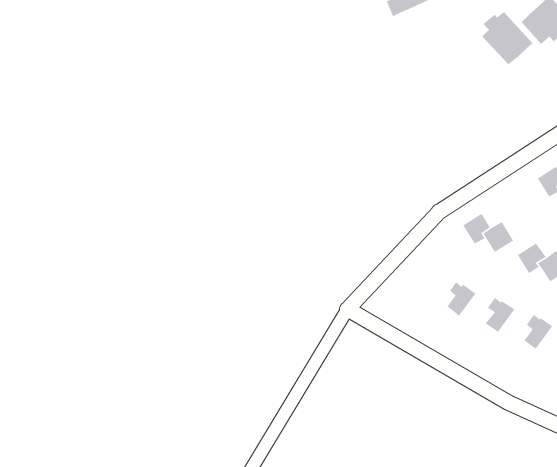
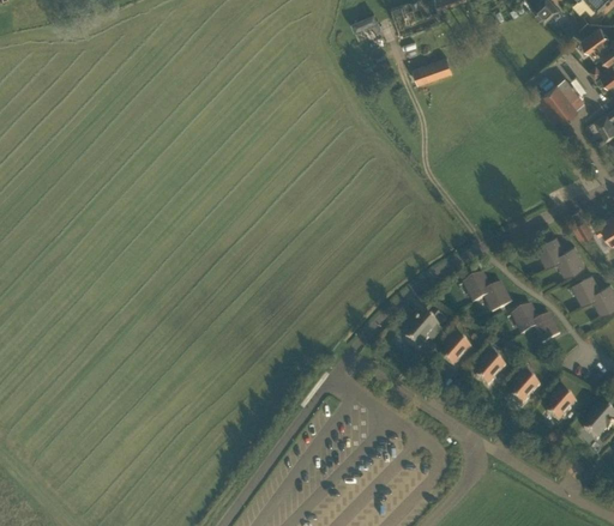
building: [482,11,534,65] -> none
building: none -> [405,313,443,347]

